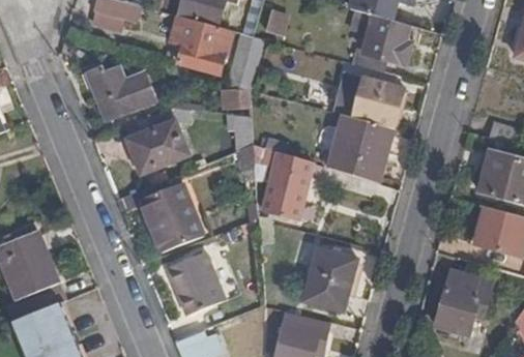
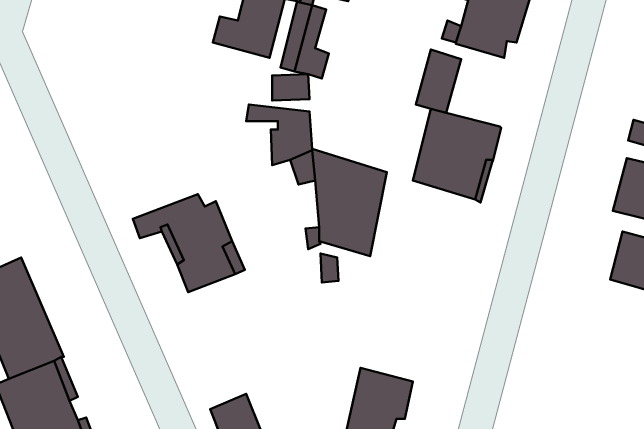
building: [86,67,154,120] -> none
building: [352,78,403,128] -> none
building: [123,109,188,174] -> none
building: [303,249,355,310] -> none
building: [168,251,227,314] -> none
building: [437,271,492,335] -> none

